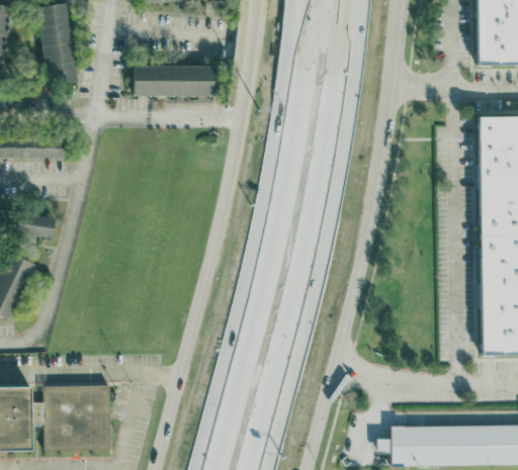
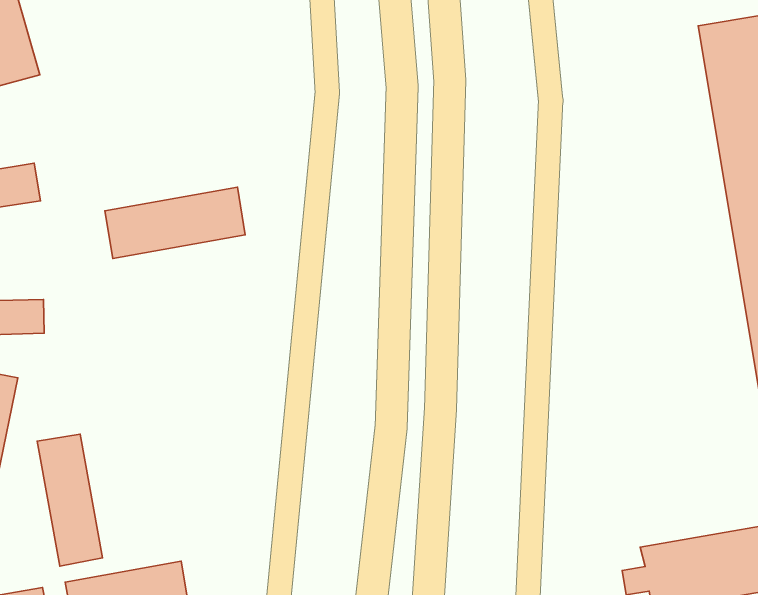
building: [136,65,218,95] -> [105,187,245,258]
building: none -> [37,434,102,566]

